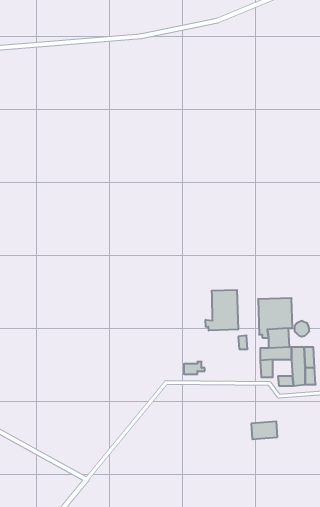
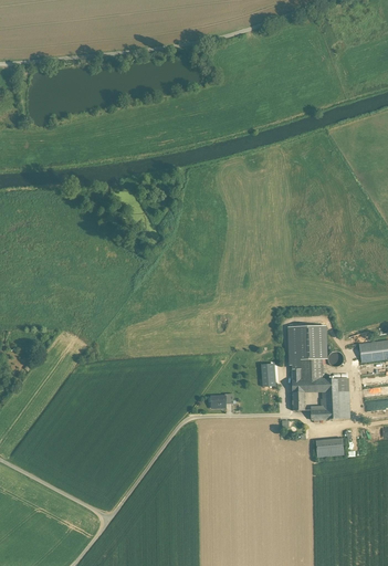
building: [206,290,238,331] -> none
building: [251,421,277,439] -> [315,438,343,457]

